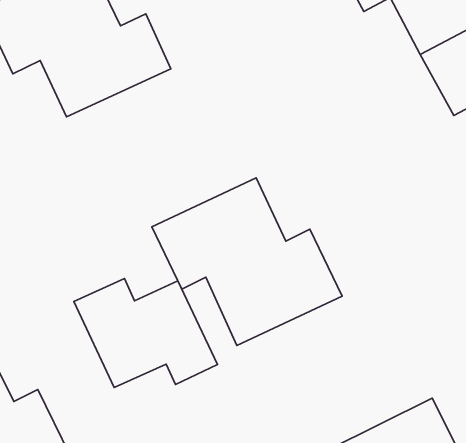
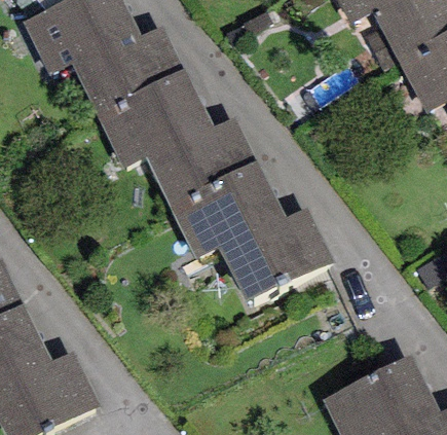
building: none -> [96,71,258,207]
building: [74,278,217,387] -> none

